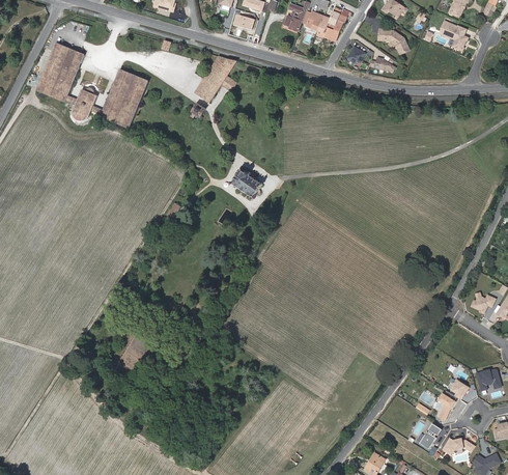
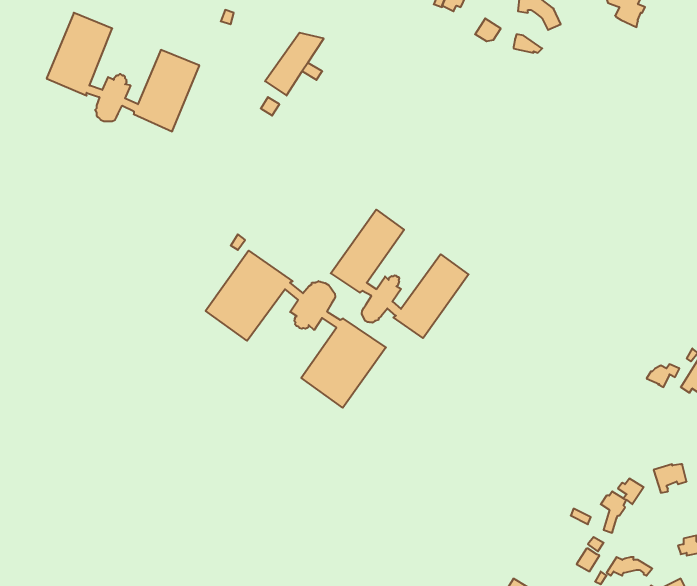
building: [230,169,262,199] -> none
building: none -> [331,210,469,338]
building: none -> [206,251,386,408]

